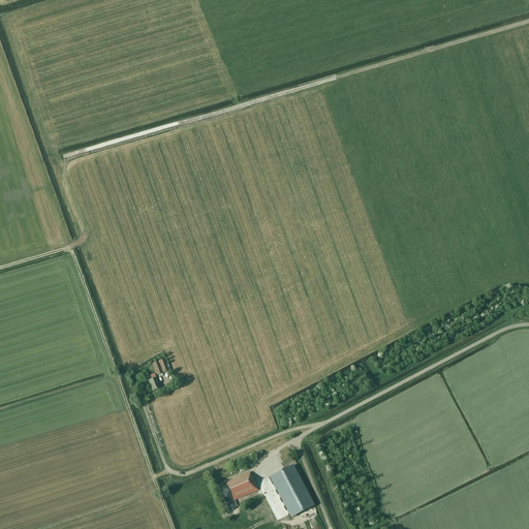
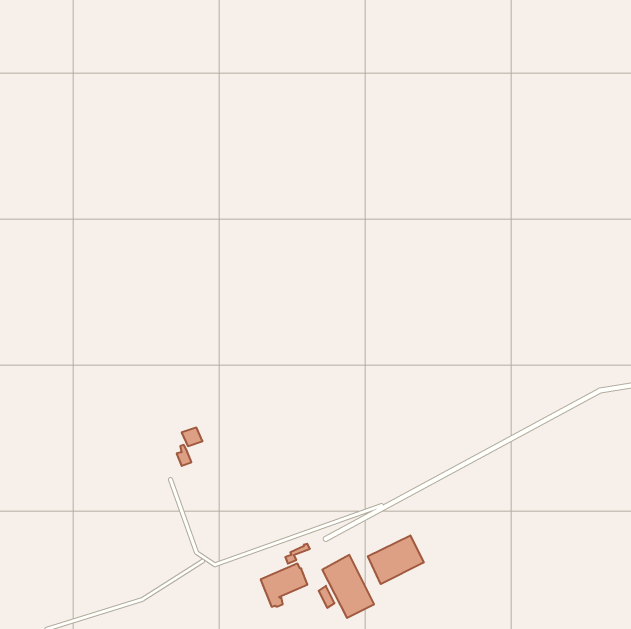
building: none -> [368,535,424,584]

